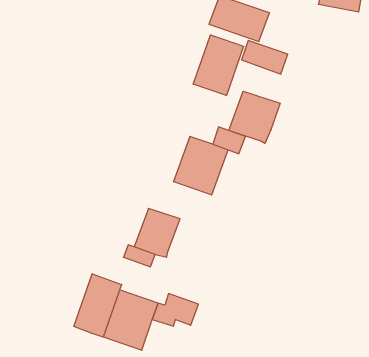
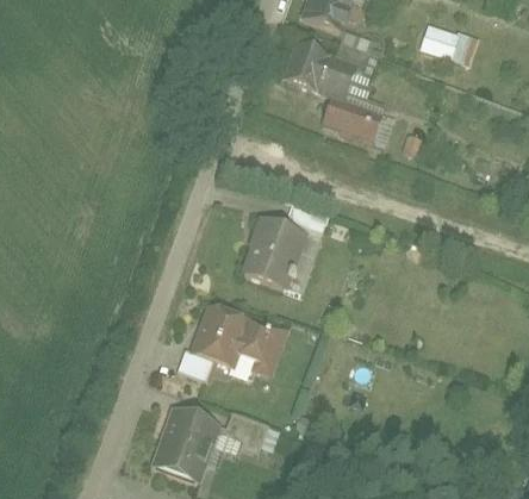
building: [193,35,244,96] -> none
building: [229,91,280,143] -> none
building: none -> [232,312,287,373]
building: [74,274,122,337] -> none

